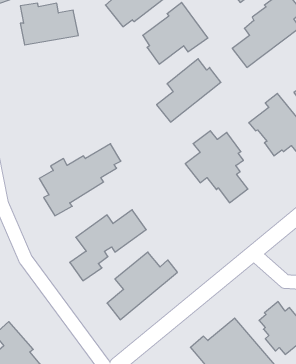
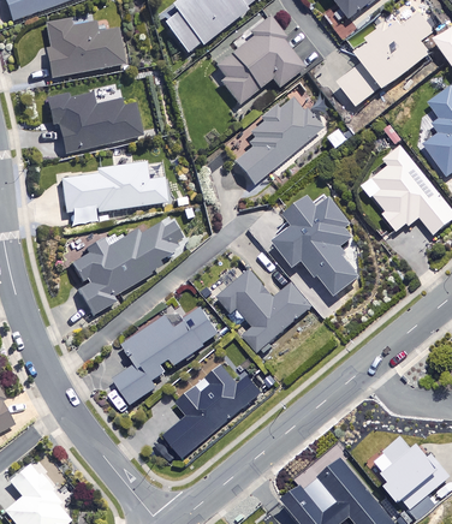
building: none -> [46,91,142,153]
building: none -> [60,153,170,224]
building: none -> [216,268,313,351]

